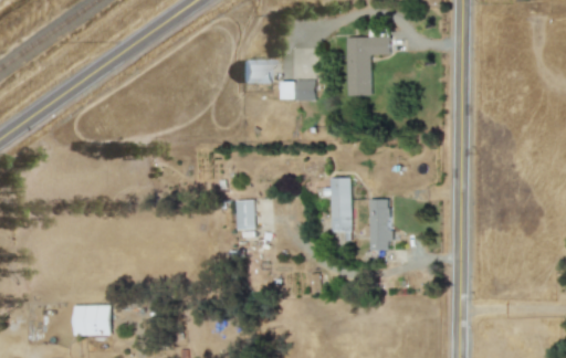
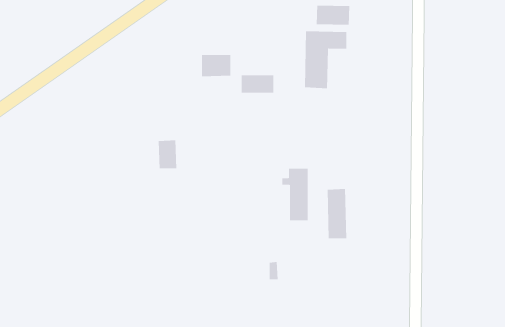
building: none -> [316,5,350,26]
building: [235,200,255,230] -> [158,140,177,169]
building: [74,306,111,336] -> none

